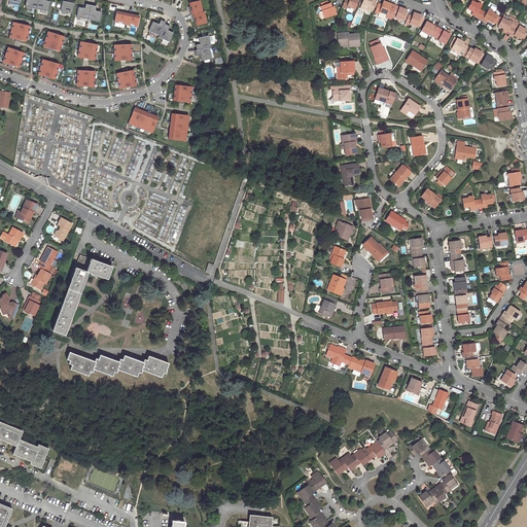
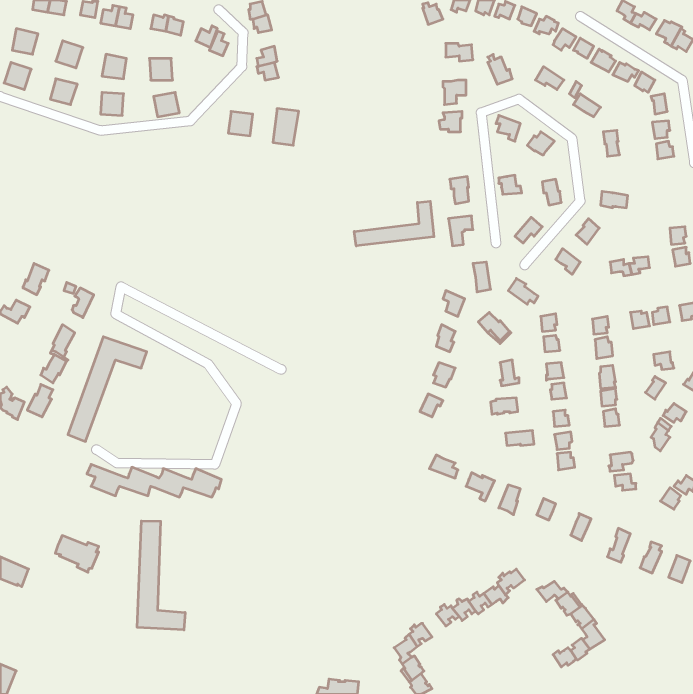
building: [130,107,160,132] -> none
building: [170,113,189,141] -> [273,109,299,145]
building: none -> [354,201,434,246]
building: none -> [137,521,185,630]
building: [14,440,47,467] -> [55,536,99,572]

